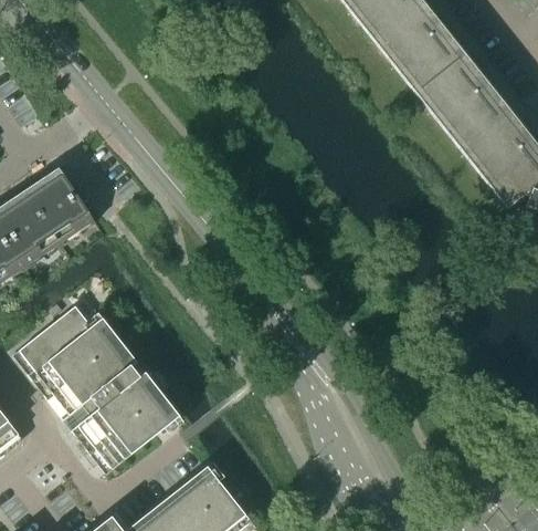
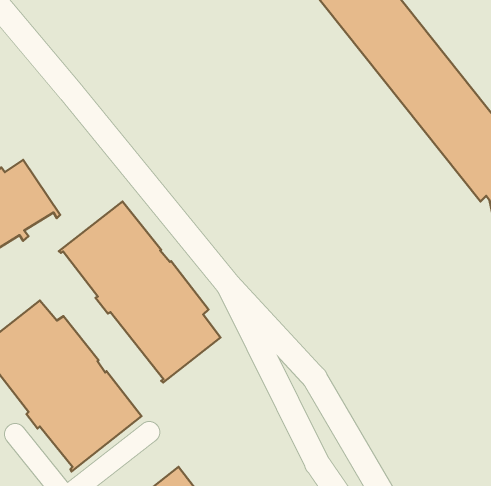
building: none -> [59,201,220,383]

